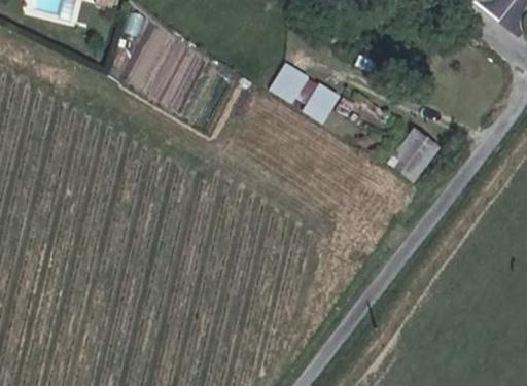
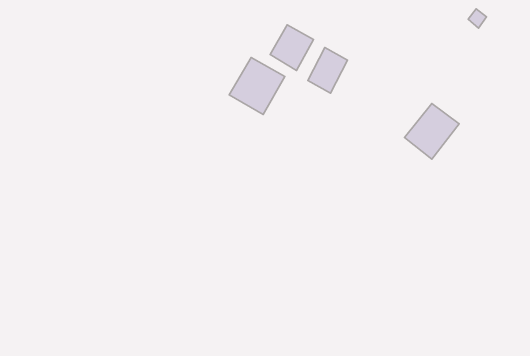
building: none -> [229,58,285,115]

